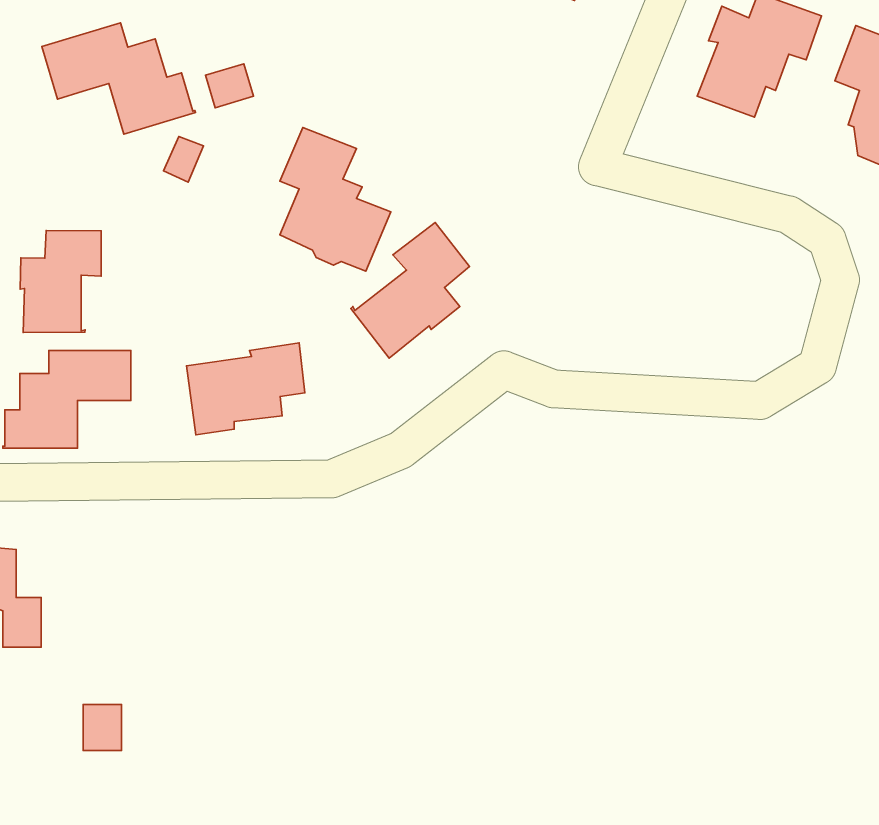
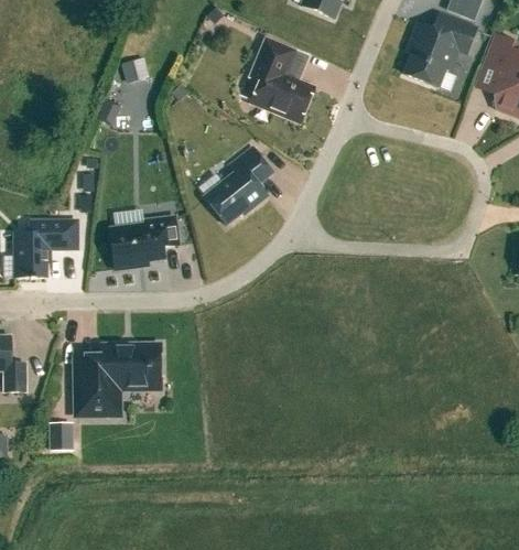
building: [42,23,195,134] -> none
building: [280,128,391,271] -> [251,37,315,120]
building: [20,231,101,332] -> none
building: none -> [76,343,161,417]

